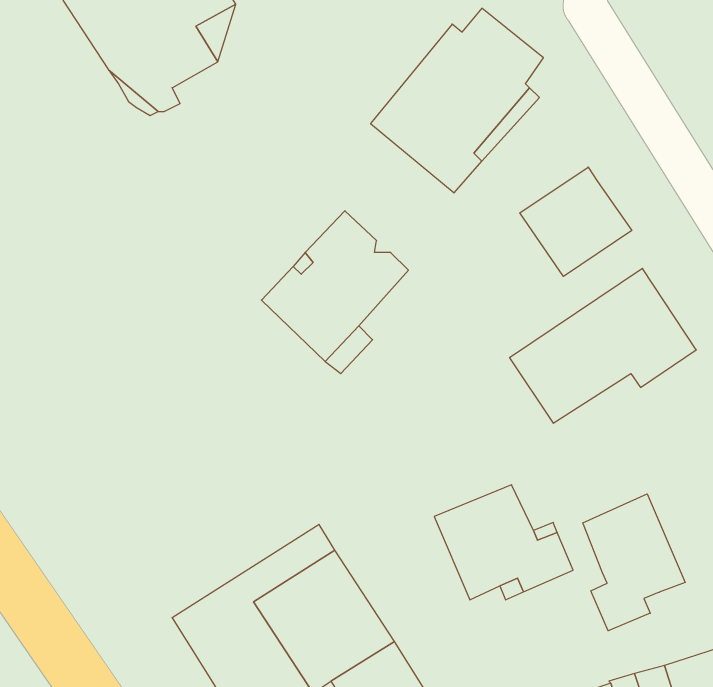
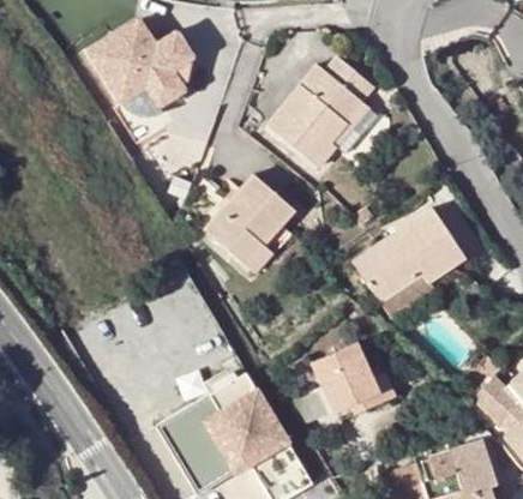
building: [520,167,632,276] -> none
building: [583,494,685,631] -> none

